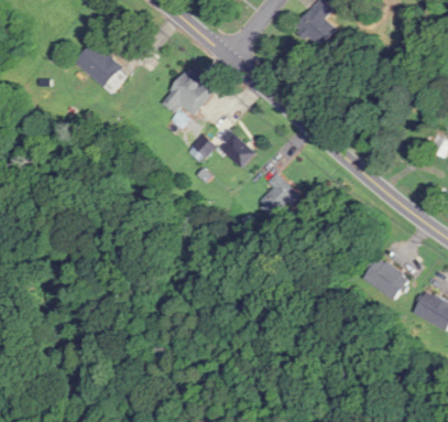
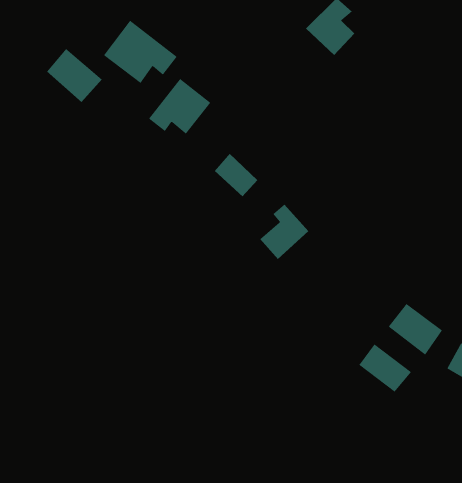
building: none -> [103,20,178,84]
building: none -> [359,343,412,393]

